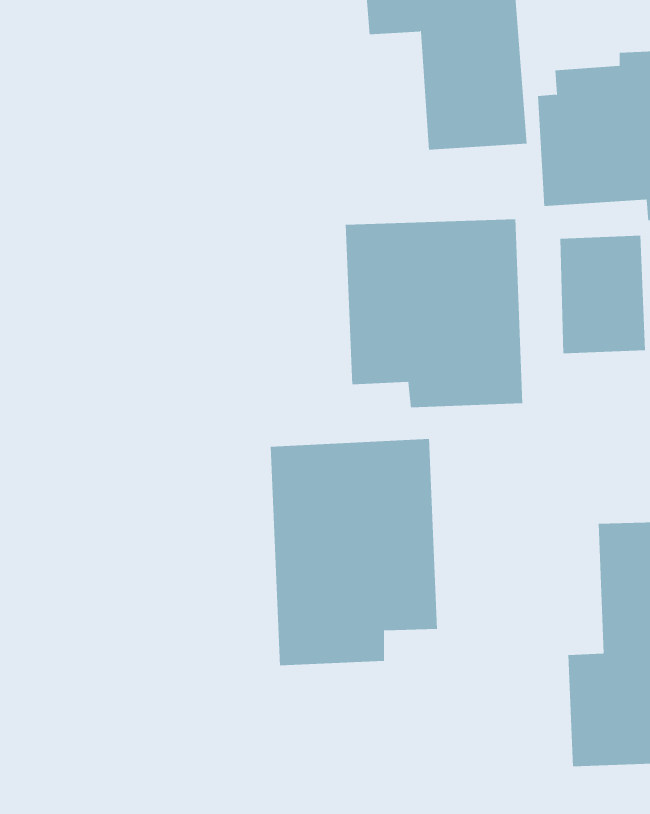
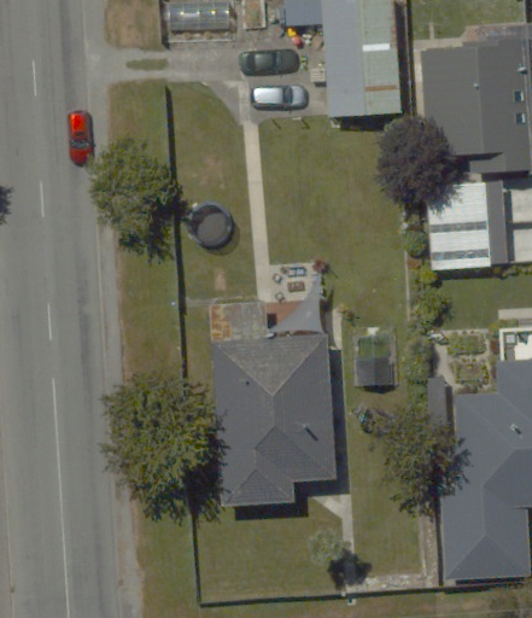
building: [345,219,523,408] -> none

